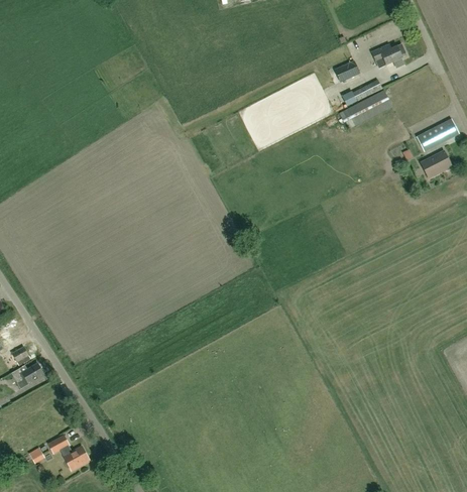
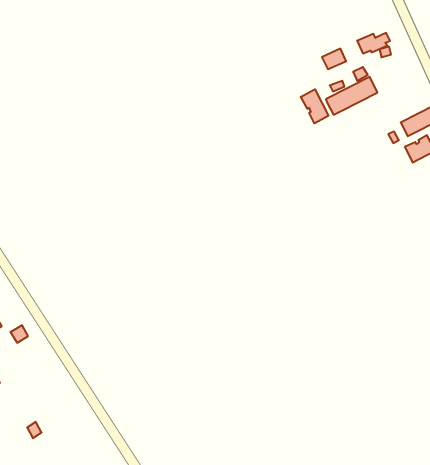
building: none -> [301,89,328,123]
building: [11,363,43,388] -> none
building: [48,436,90,471] -> none

